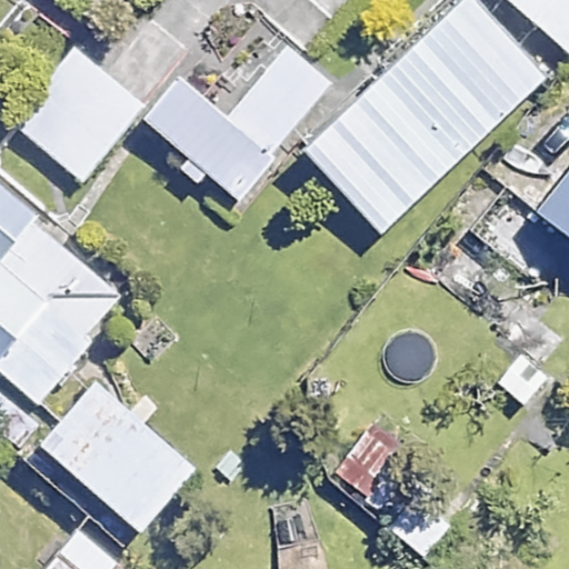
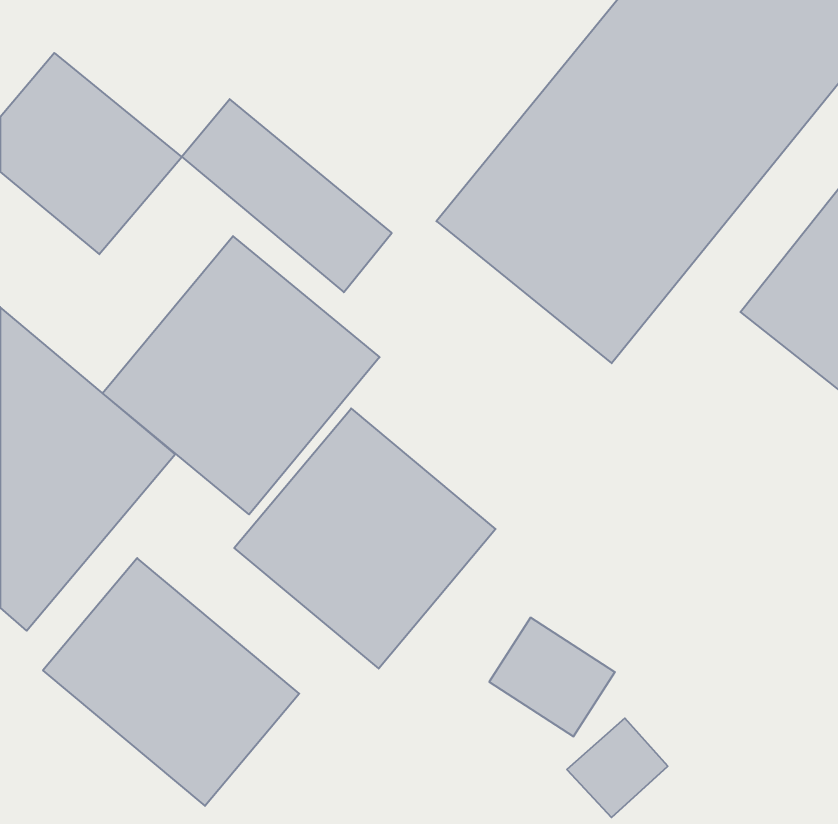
building: [209,39,326,157] -> none
building: none -> [103,236,380,514]
building: none -> [234,408,496,669]

